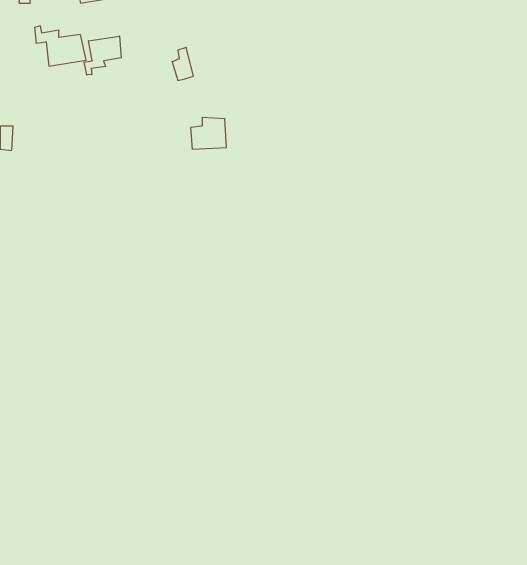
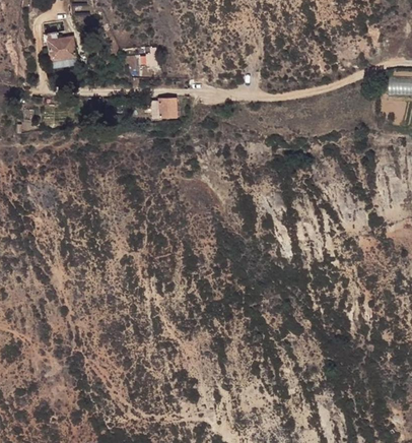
building: [84,36,121,75] -> none

